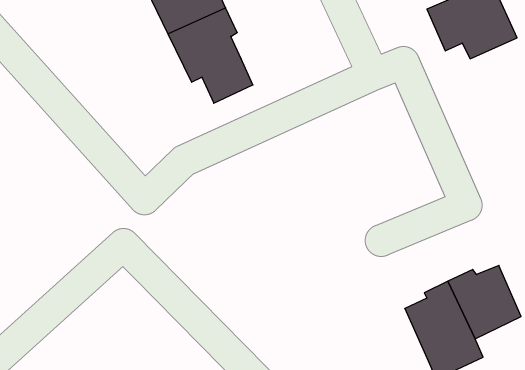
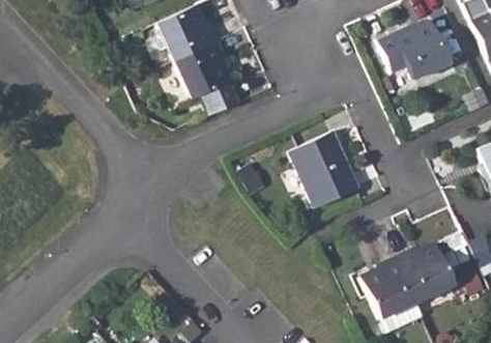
building: none -> [290,130,358,207]

